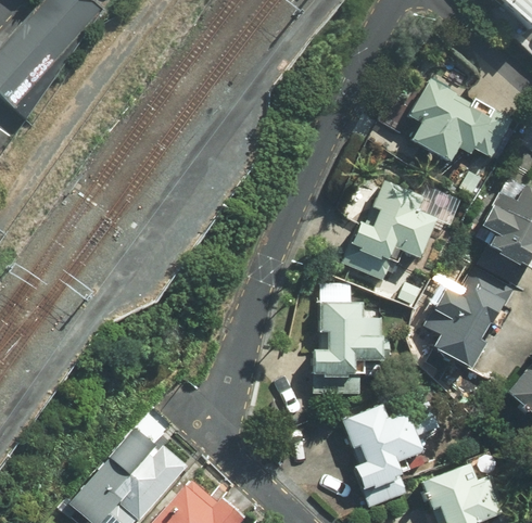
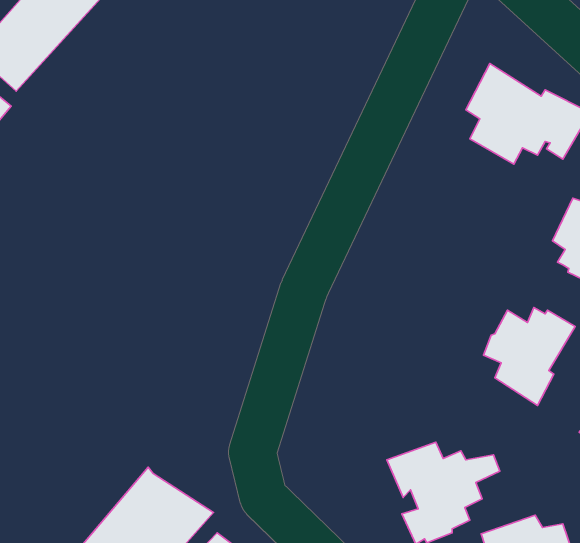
building: [344,181,438,281] -> none
building: [314,301,395,379] -> none

